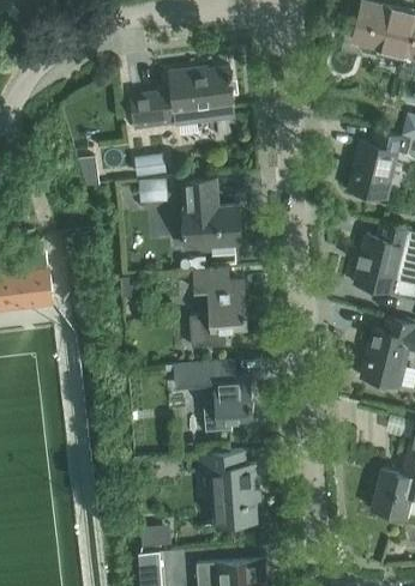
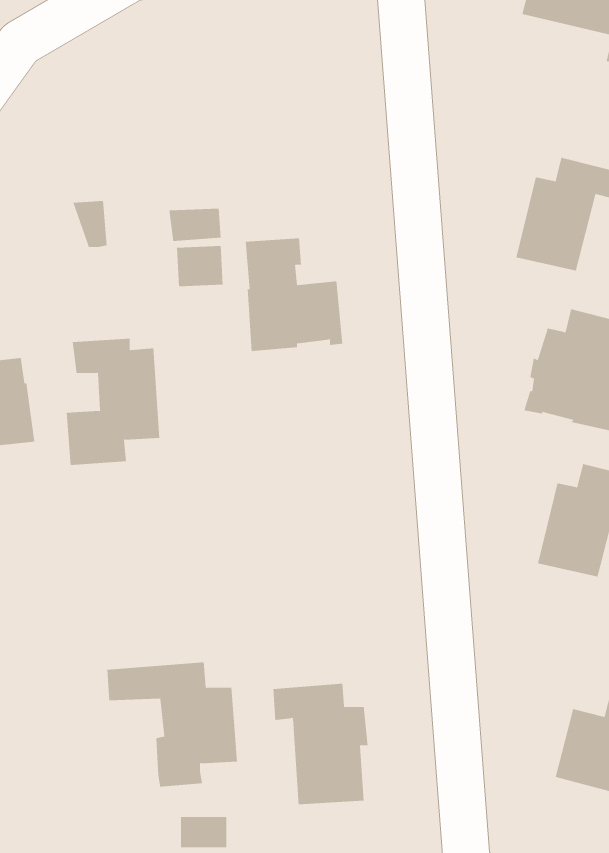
building: [131,68,236,131] -> none
building: [190,271,247,349] -> [66,338,160,466]
building: [174,362,254,439] -> [107,662,238,787]

